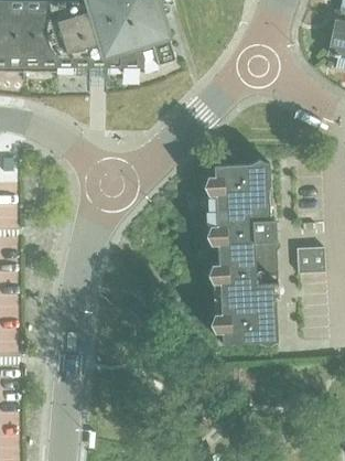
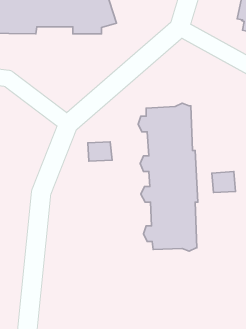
building: none -> [88,142,112,161]

